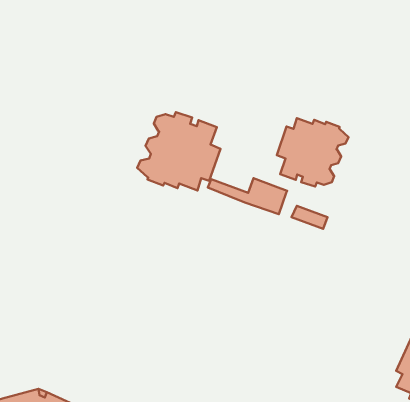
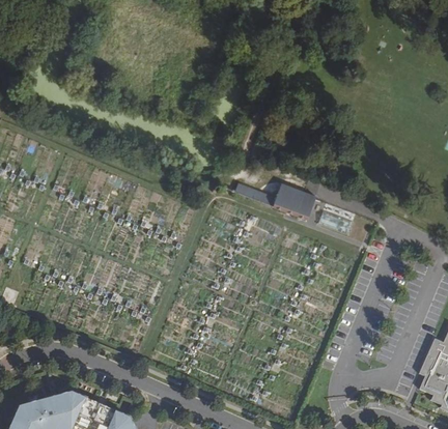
building: [137,112,221,190] -> none
building: [277,118,348,187] -> none

